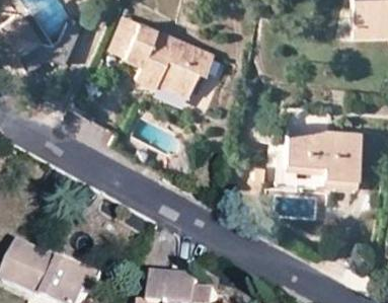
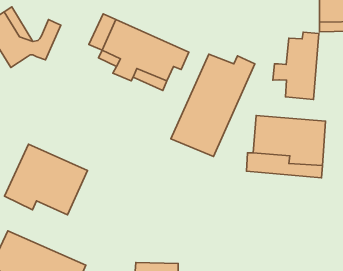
building: none -> [273,32,319,99]
building: none -> [171,54,255,156]
building: none -> [4,144,88,215]

